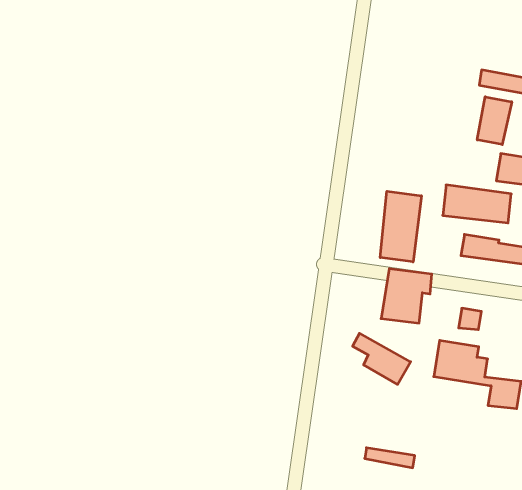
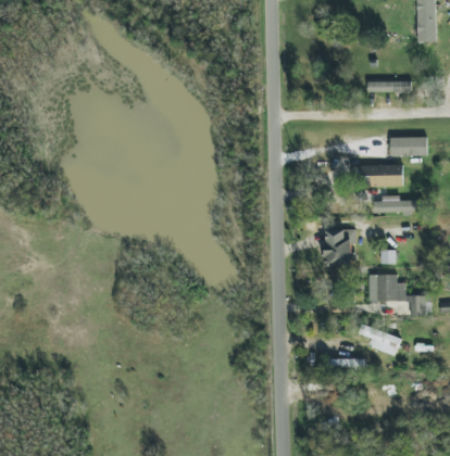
building: [477,97,512,145] -> none
building: [380,191,421,262] -> none
building: [353,333,411,384] -> [359,324,401,355]

